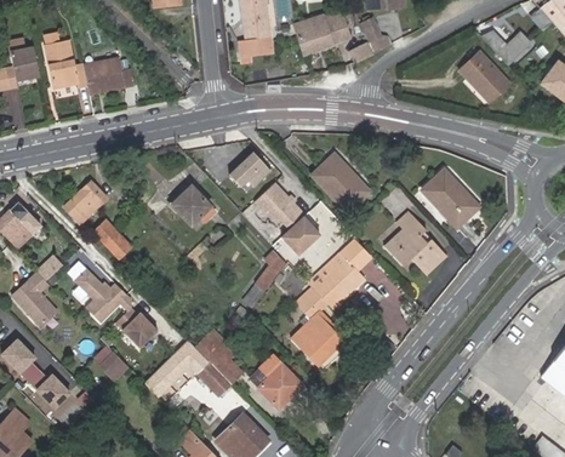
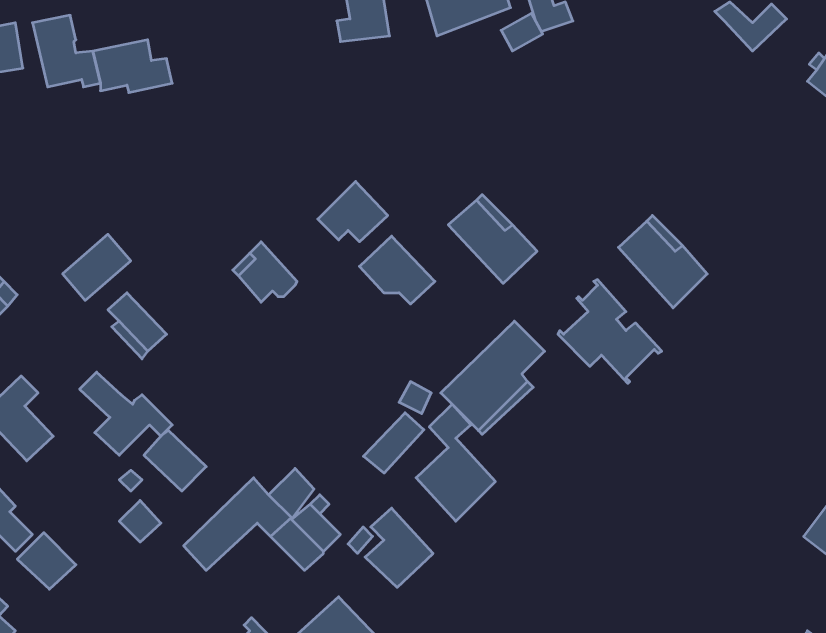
building: [462,53,509,101] -> none
building: [281,216,321,256] -> none
building: [247,252,286,291] -> [363,413,424,473]

